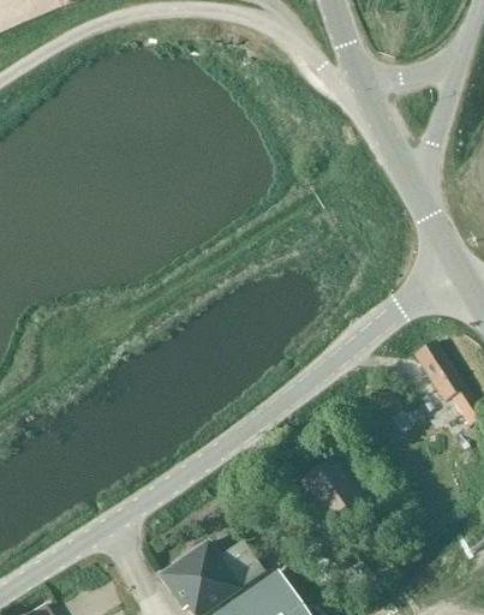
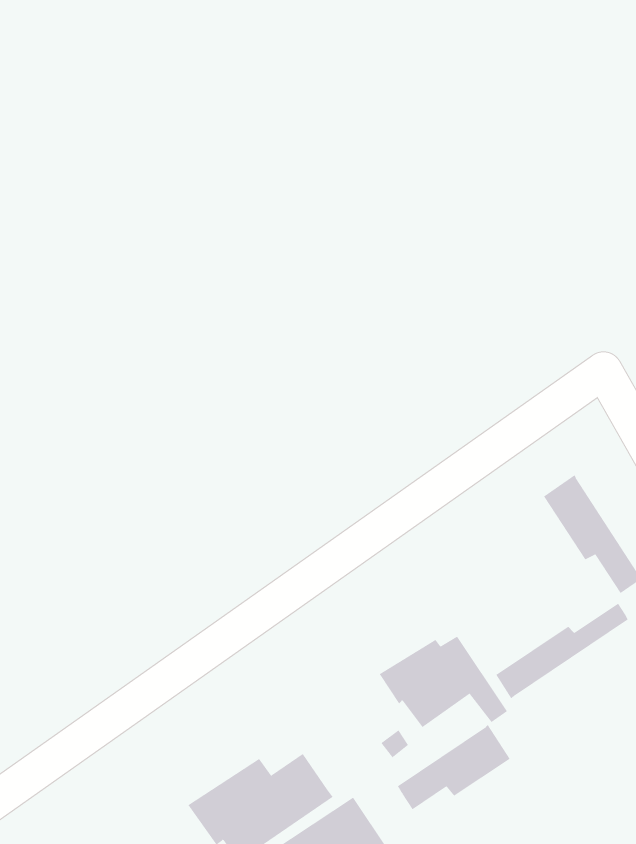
building: none -> [496,603,629,699]
building: none -> [397,724,510,810]

